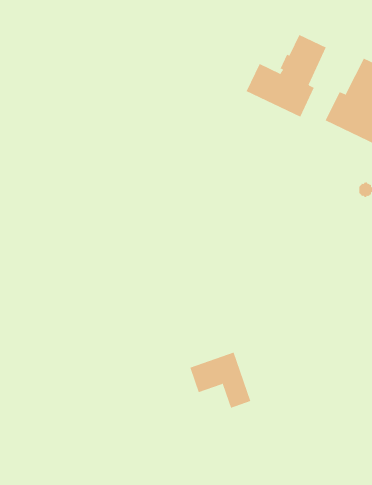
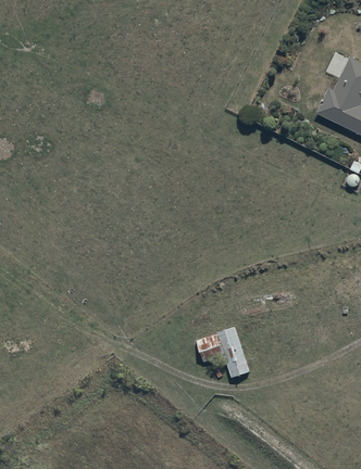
building: [246,34,327,118] -> none

